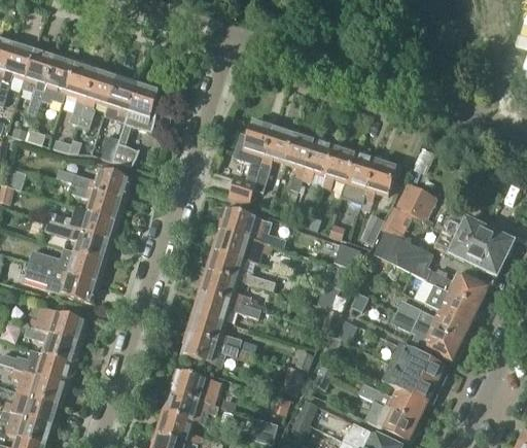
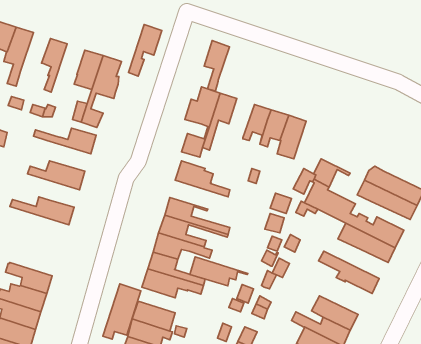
building: [40,55,75,103] -> none
building: [76,68,115,129] -> [128,24,162,76]
building: [284,132,314,191] -> [204,41,230,91]
building: [359,159,395,211] -> none
building: [68,181,122,217] -> none
building: [392,181,436,219] -> none
building: [46,220,109,260] -> none
building: [215,228,283,262] -> [190,257,248,286]
building: [23,259,97,302] -> none
building: [395,300,470,343] -> none
building: [28,306,83,340] -> none
building: [390,345,444,385] -> none
building: none -> [103,284,141,339]

